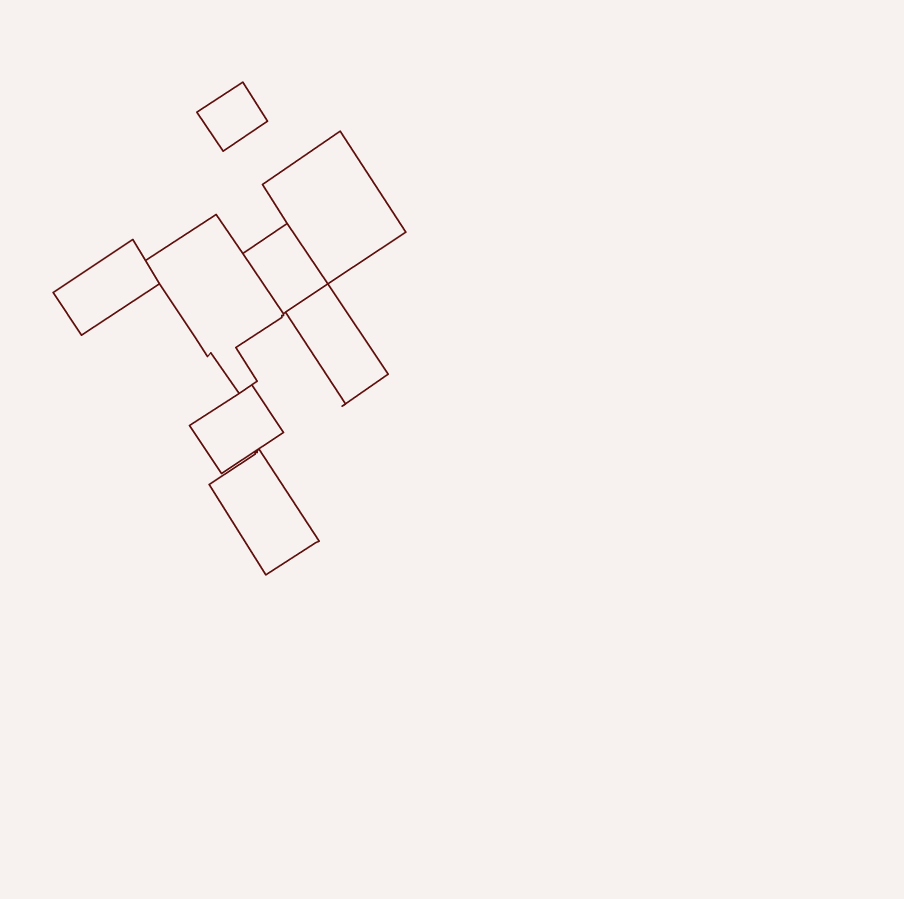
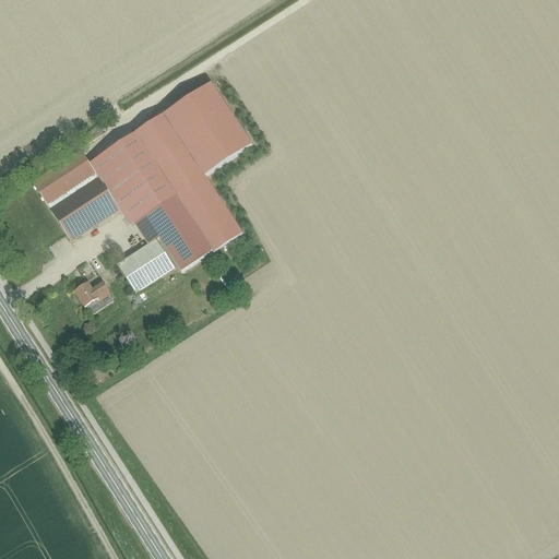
building: [197,82,268,151] -> [134,114,178,156]
building: none -> [51,175,121,239]
building: [209,449,319,575] -> [146,192,214,270]
building: none -> [75,281,112,305]

